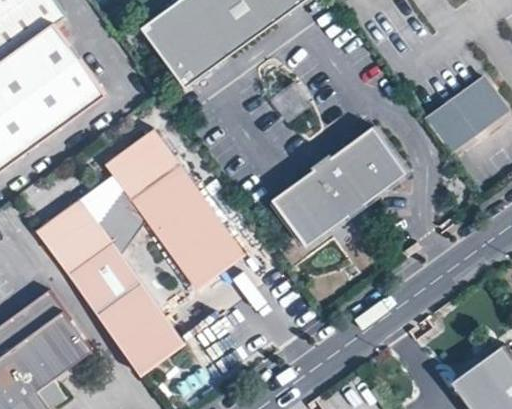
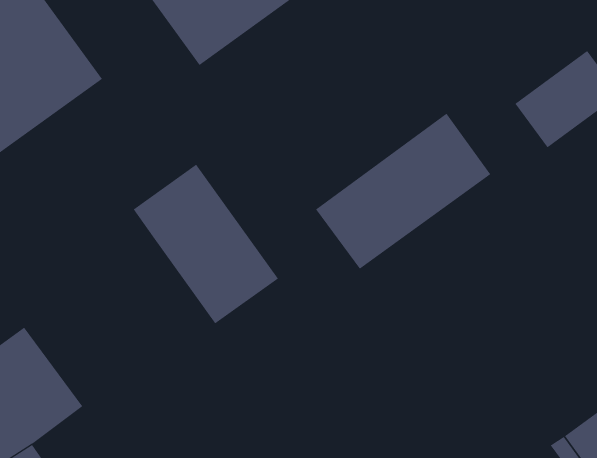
building: [106,130,179,199] -> none
building: [35,196,183,373] -> none

